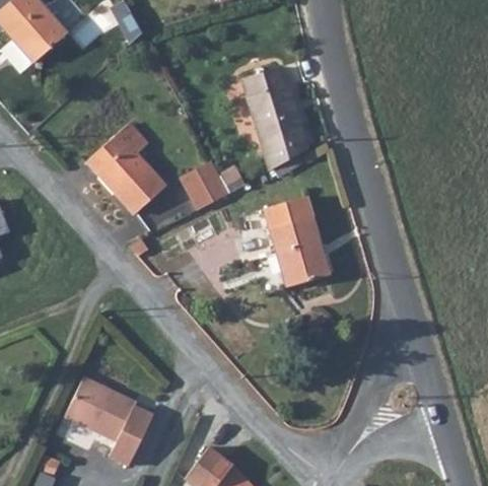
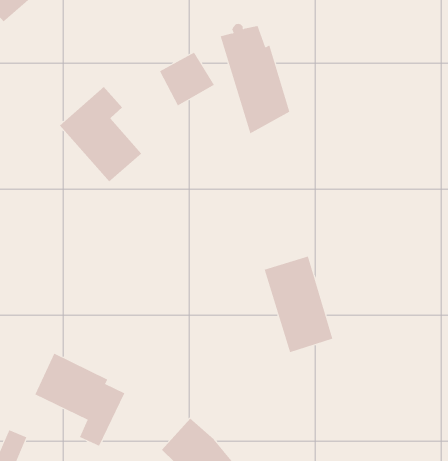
building: [179,159,231,211] -> [159,52,215,106]
building: [264,194,330,286] -> [264,256,333,353]

